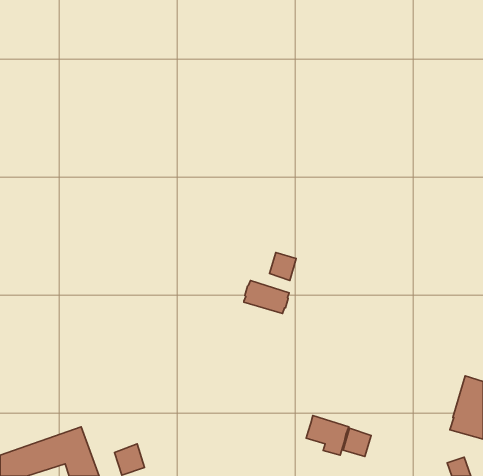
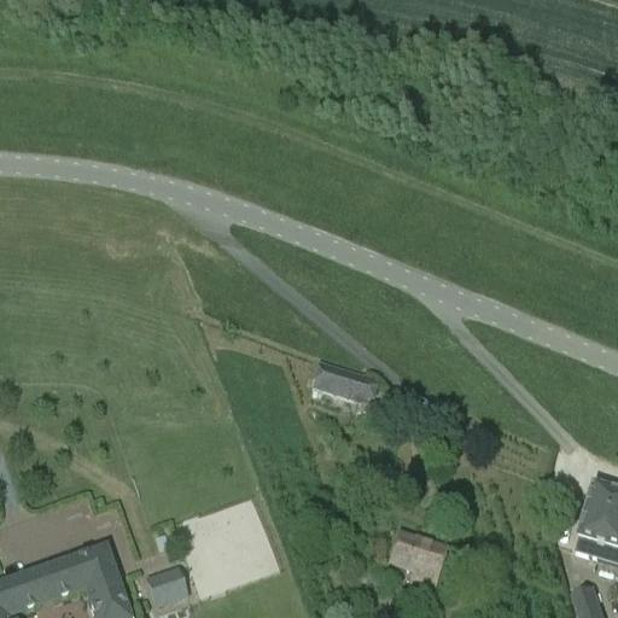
building: [269,252,296,280] -> none
building: [343,428,371,457] -> none

